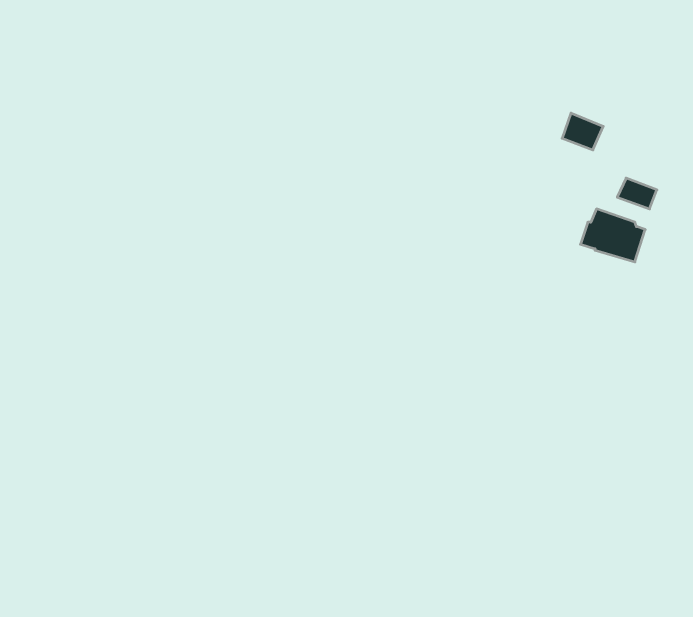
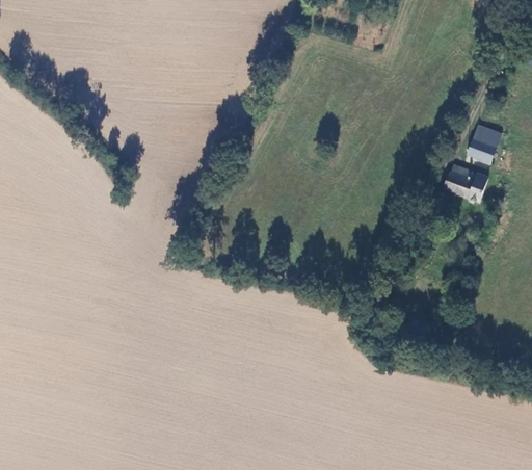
building: [562,113,603,150] -> [473,124,502,150]

